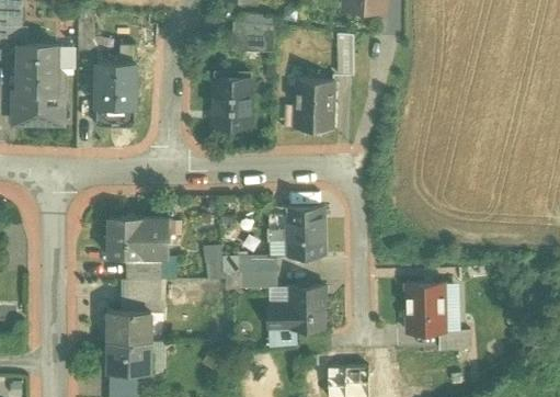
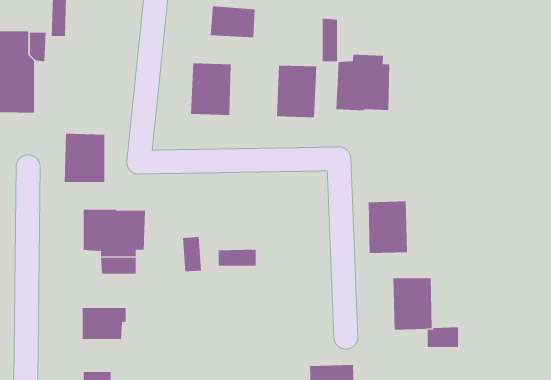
building: [95,61,135,109] -> [64,133,105,182]
building: none -> [336,54,390,111]
building: [285,206,323,257] -> [368,201,408,253]
building: [238,272,275,290] -> none
building: [126,280,160,313] -> none
building: [267,287,324,329] -> none
building: [106,342,150,373] -> none

